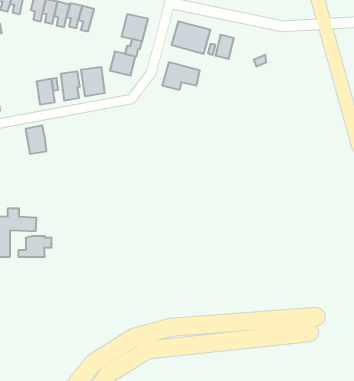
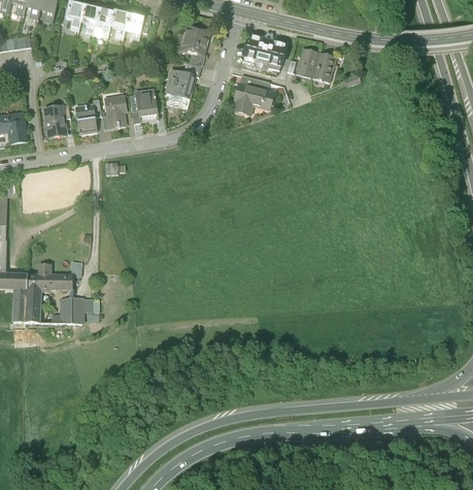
building: none -> [311,53,336,84]
building: [26,125,46,154] -> [41,104,67,139]

